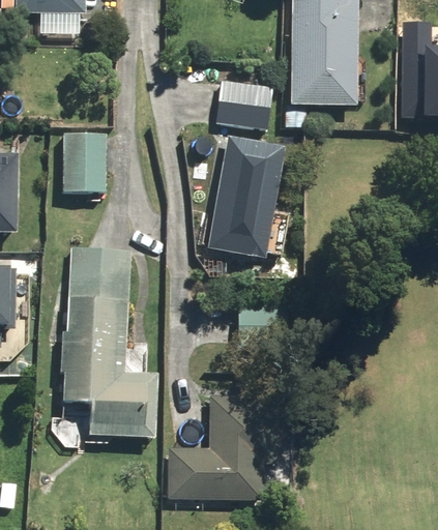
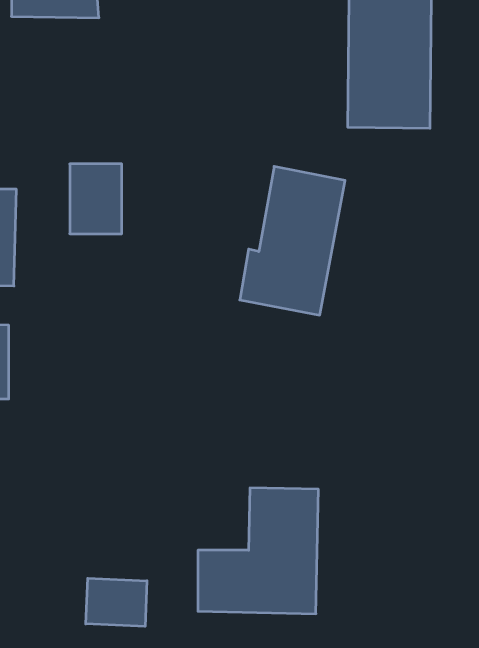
building: [211,81,273,130] -> none
building: [61,248,159,439] -> none
building: none -> [86,578,147,626]

